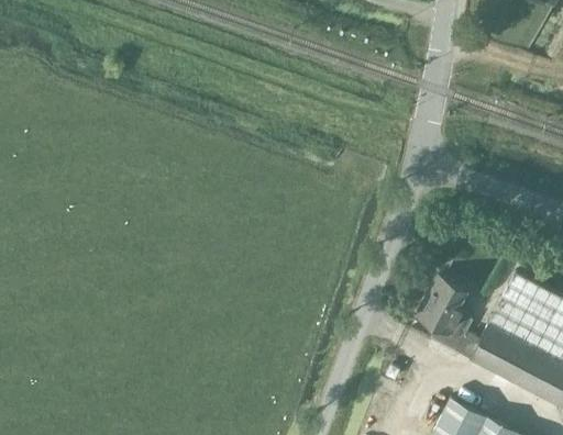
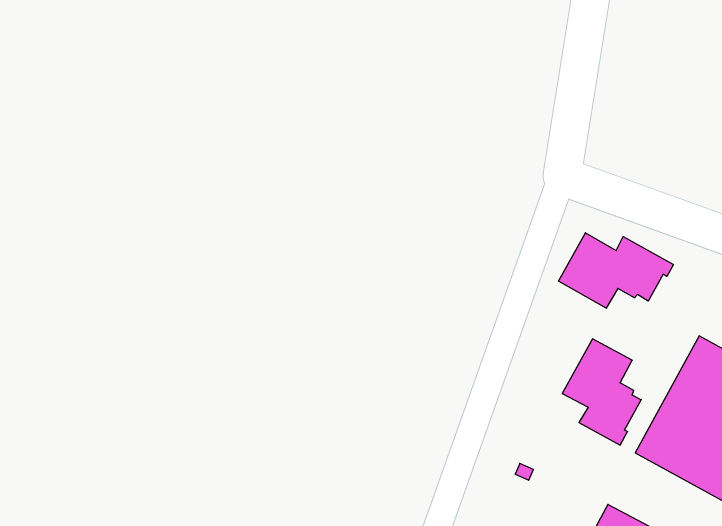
building: none -> [559,233,673,308]

